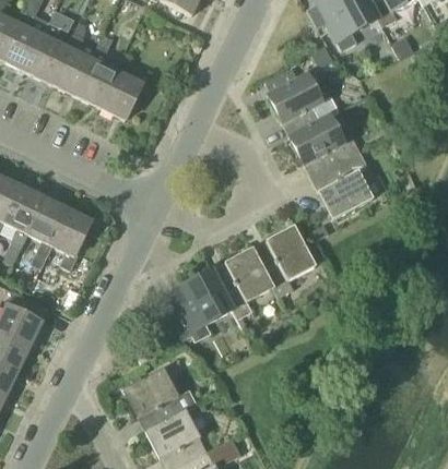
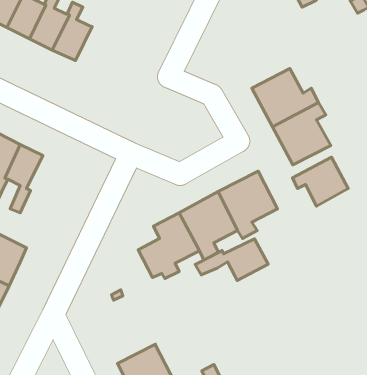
building: [101,56,142,118] -> none
building: [267,73,338,135] -> none
building: [48,207,91,269] -> none
building: none -> [293,157,348,206]
building: none -> [195,239,268,280]
building: [123,366,198,429] -> none

